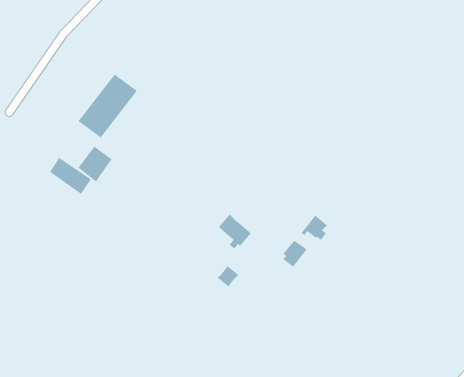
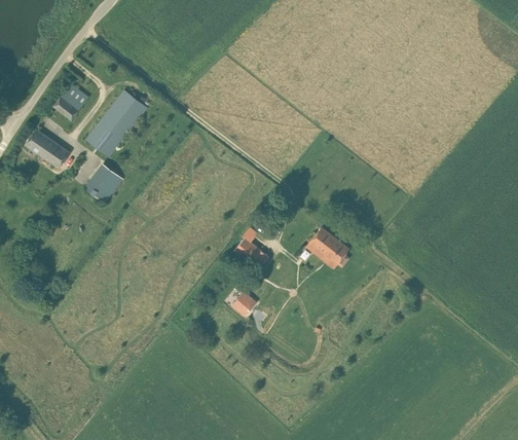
building: none -> [53,83,89,119]
building: [49,157,92,195] -> [25,129,70,169]
building: [282,240,308,268] -> [309,228,336,258]

